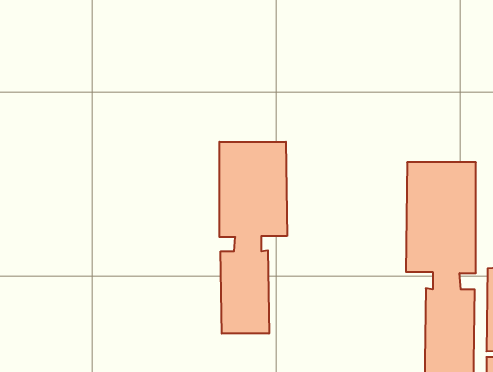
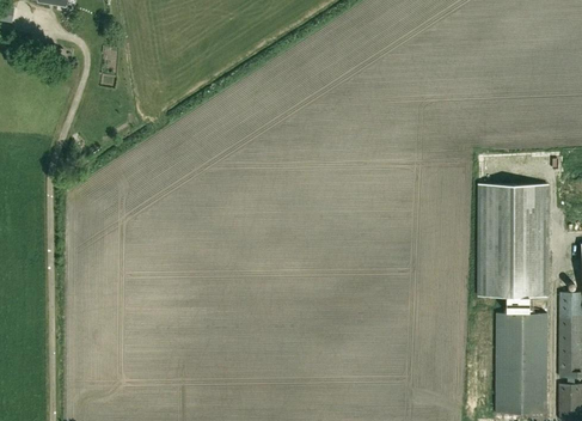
building: [219,142,287,334] -> none

